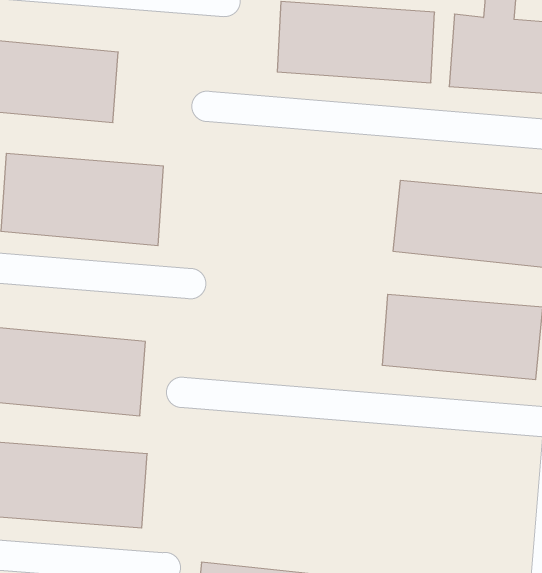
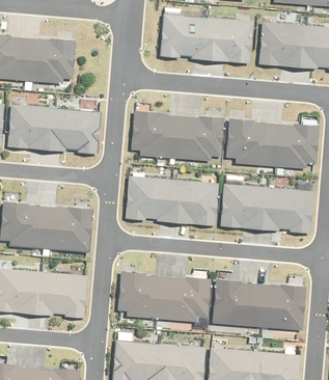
building: none -> [135,109,226,157]
building: none -> [129,175,222,225]
building: none -> [119,269,210,320]
building: none -> [213,278,306,332]

